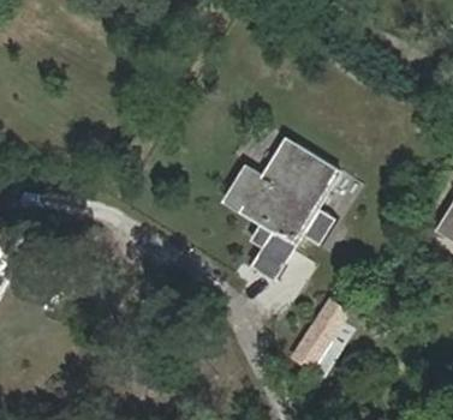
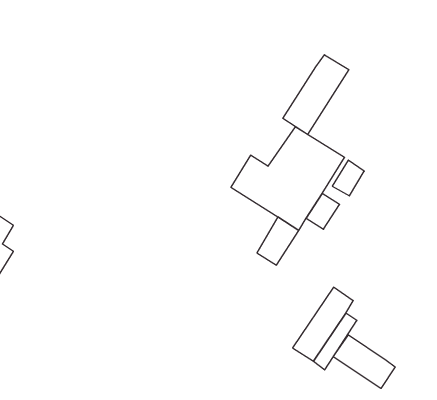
building: none -> [283,55,349,135]
building: none -> [333,335,395,388]

